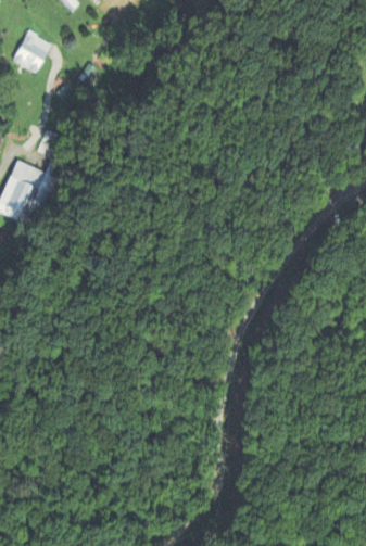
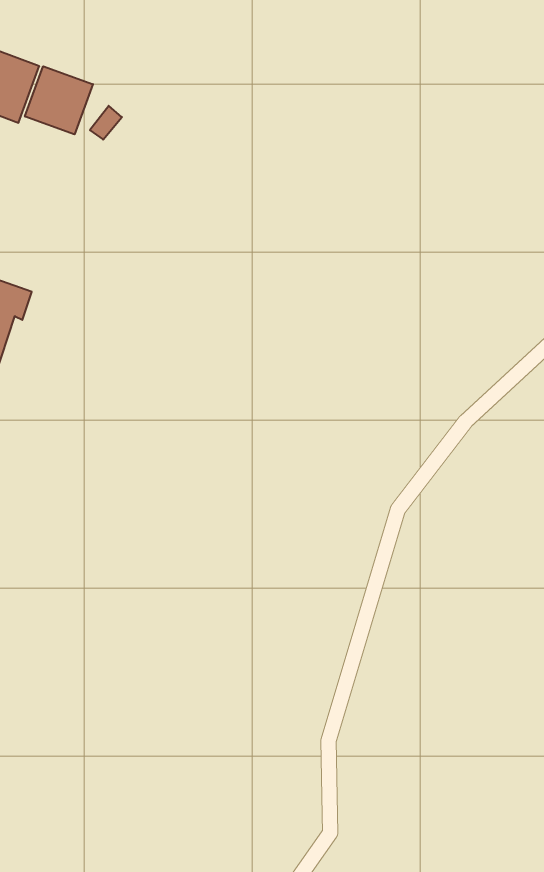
building: none -> [25,66,93,134]

